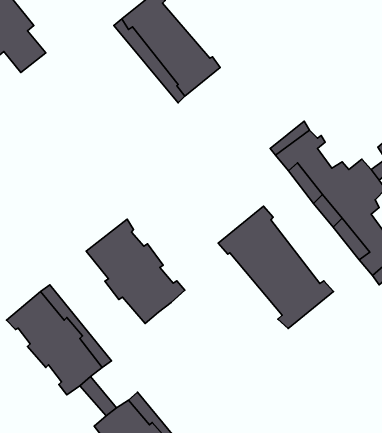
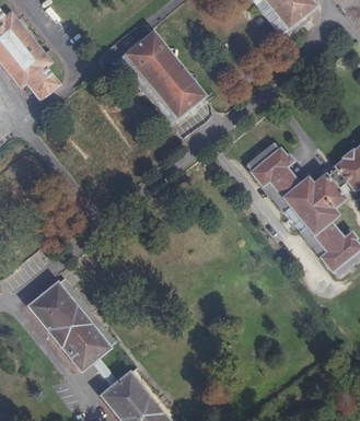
building: [218,206,334,329] -> none
building: [86,219,185,323] -> none

